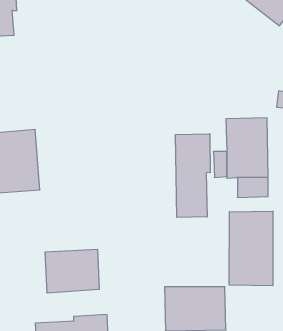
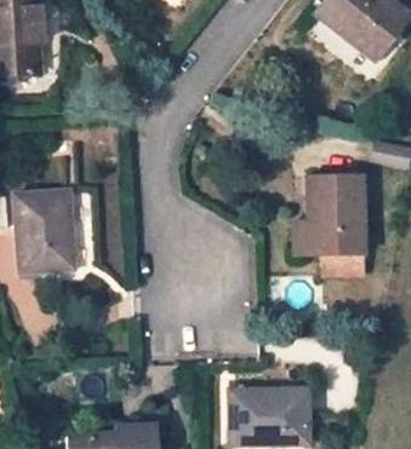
building: [175,134,210,217] -> none
building: [229,211,273,286] -> none
building: [45,249,99,293] -> none

